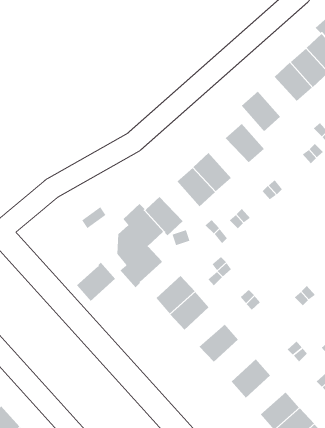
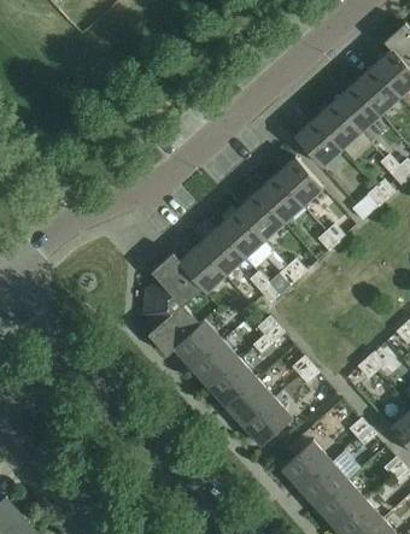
building: none -> [314,101,361,149]
building: none -> [254,175,303,223]
building: none -> [195,227,244,275]
building: [76,262,116,302] -> [172,319,221,368]
building: none -> [226,379,274,426]
building: none -> [299,460,347,507]

